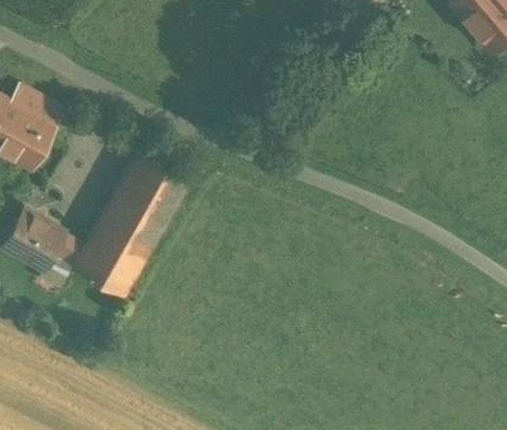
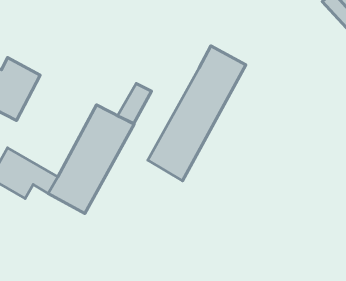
building: none -> [148,46,246,181]
building: none -> [118,83,152,124]

